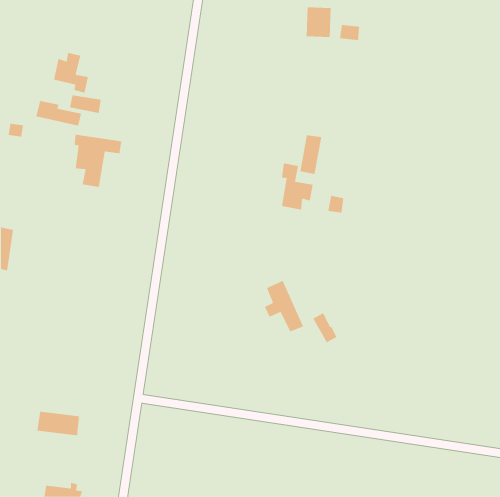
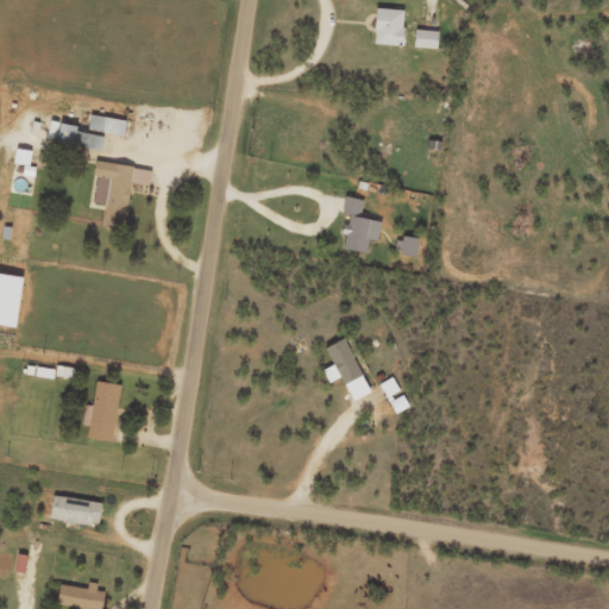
building: [53,52,89,94] -> none
building: [300,135,322,175] -> none
building: none -> [84,382,121,441]

